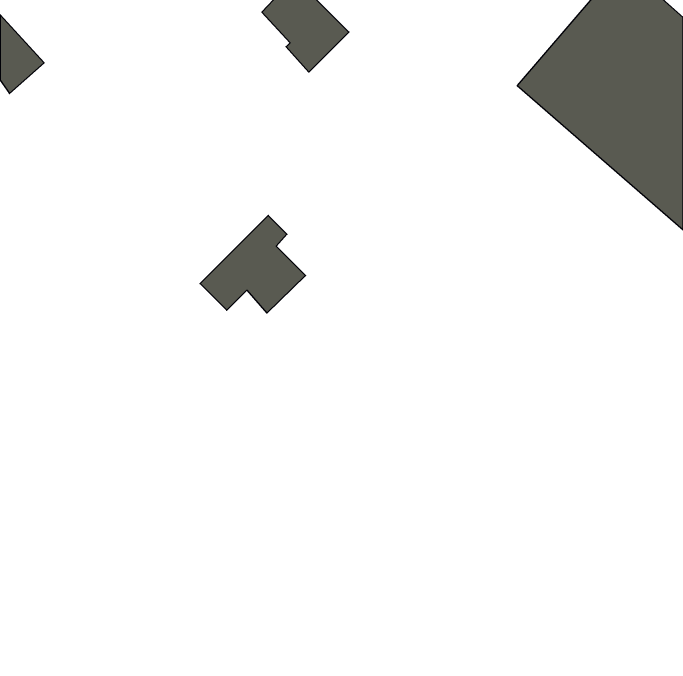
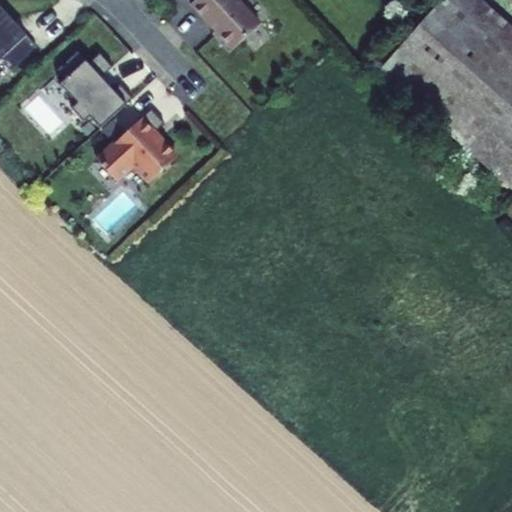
building: none -> [56,50,128,126]
building: [200,215,306,313] -> [97,107,176,180]

